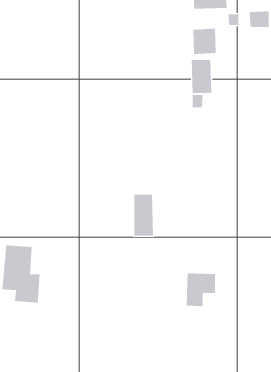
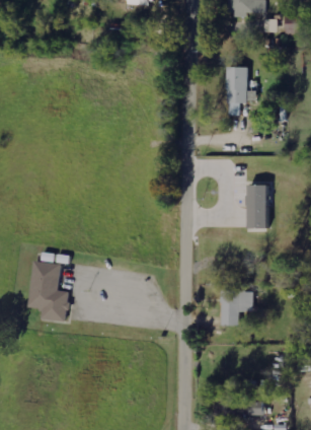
building: [193,28,216,55] -> none
building: [134,194,154,236] -> [248,185,269,228]

